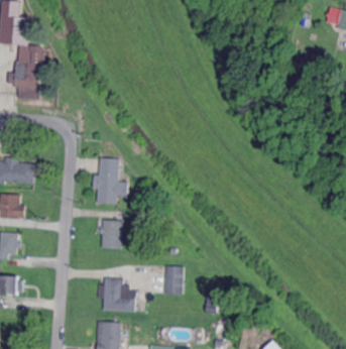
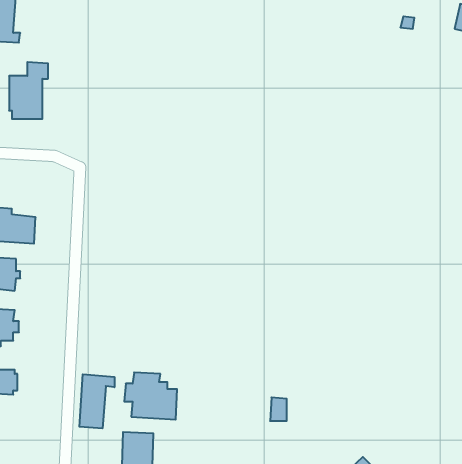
building: [96,157,128,203] -> none
building: [99,219,125,248] -> none
building: [165,266,183,295] -> none
building: none -> [79,374,114,428]

